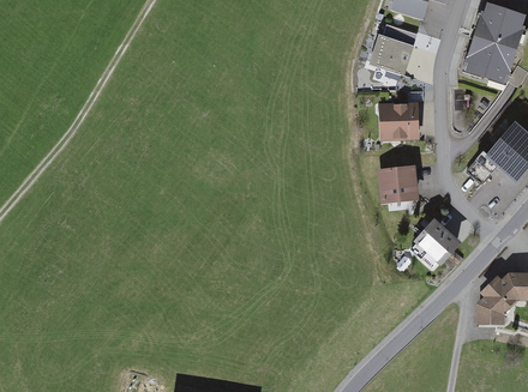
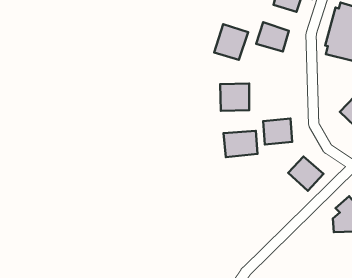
building: none -> [214,24,248,60]
building: [378,101,419,139] -> [220,83,249,111]
building: none -> [223,131,257,157]

